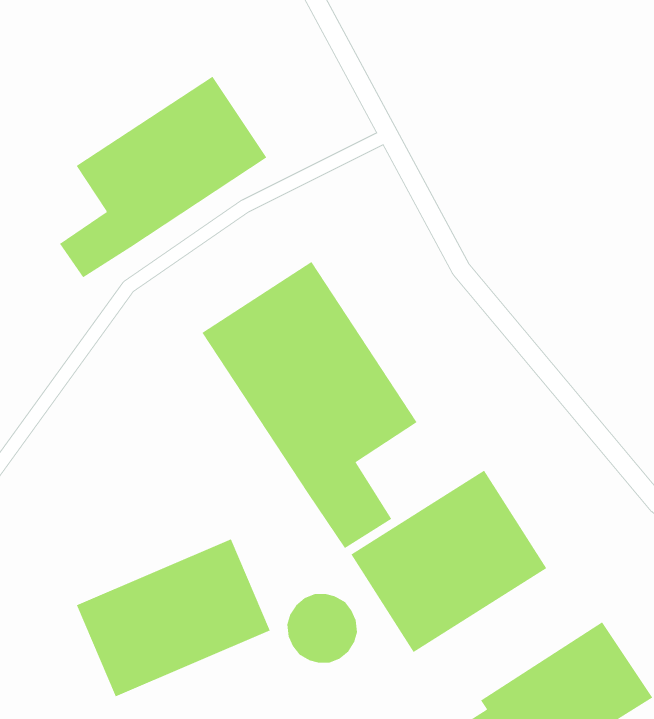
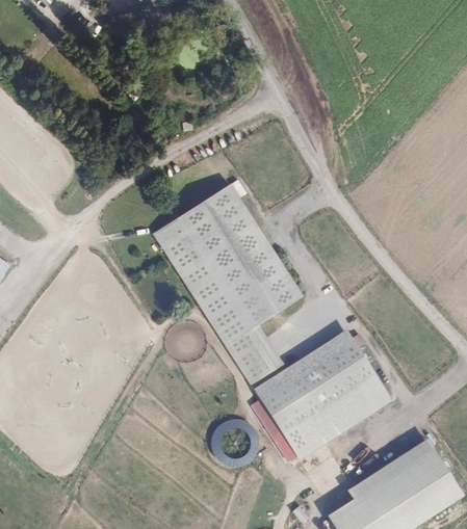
building: [59,76,267,278] -> none
building: [76,538,271,697] -> none

